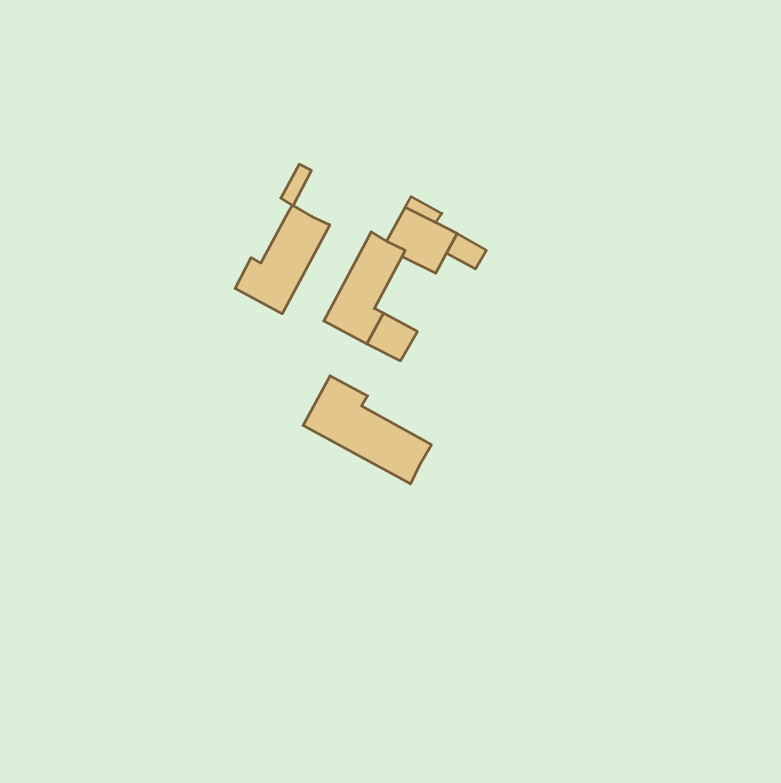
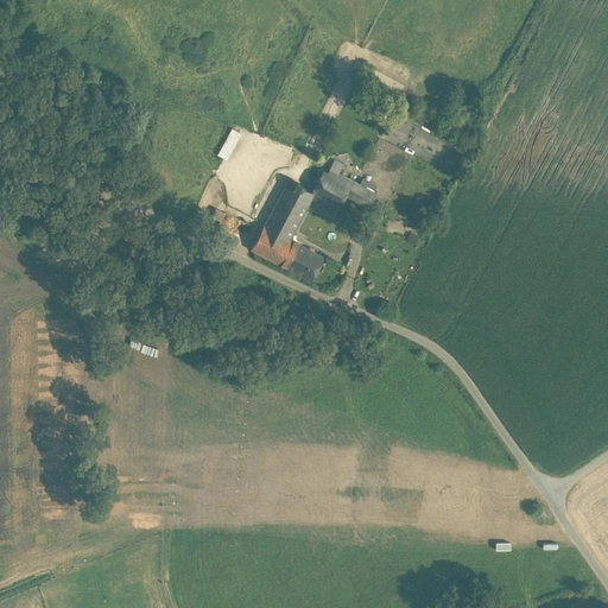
building: [235,205,330,314] -> none
building: [303,376,431,484] -> none

